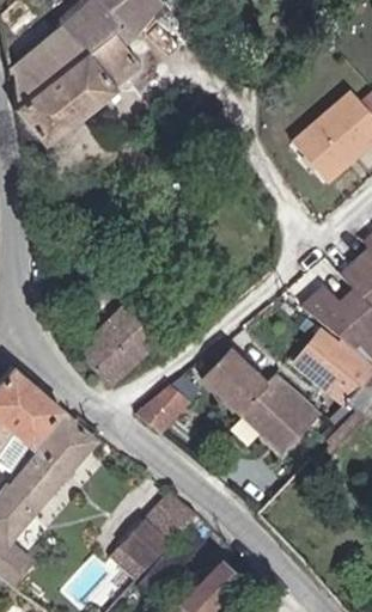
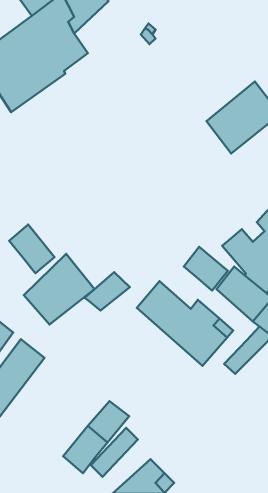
building: none -> [9,225,54,273]
building: none -> [184,247,228,290]
building: [138,384,193,430] -> [85,272,130,311]

